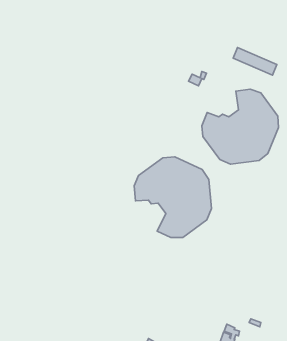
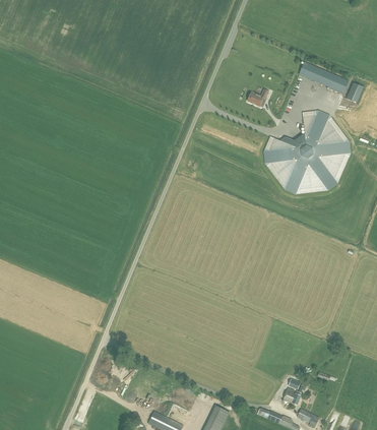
building: [134,157,211,238] -> none

